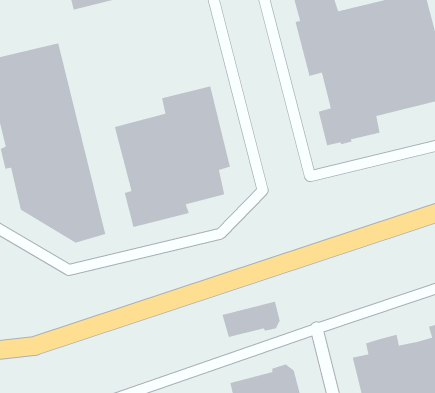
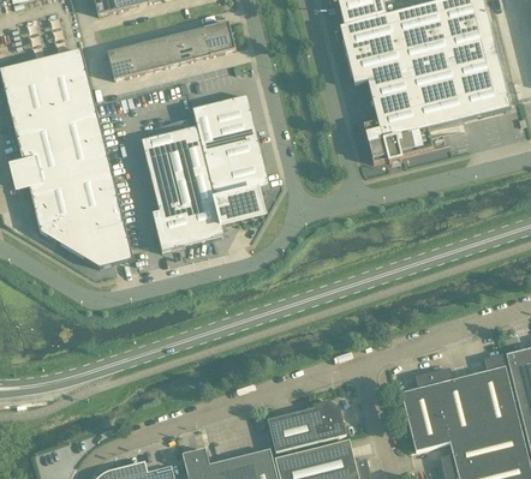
building: none -> [108,20,235,78]
building: [221,301,281,338] -> none

